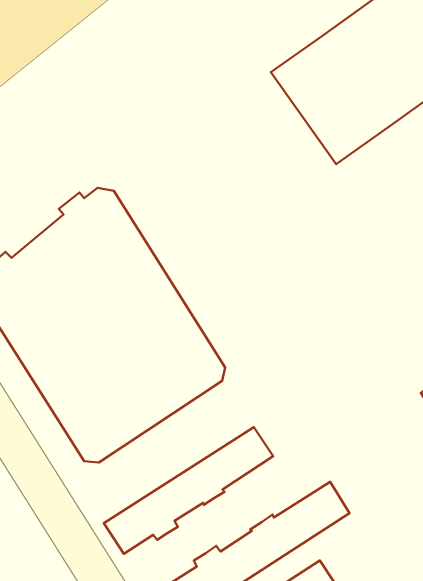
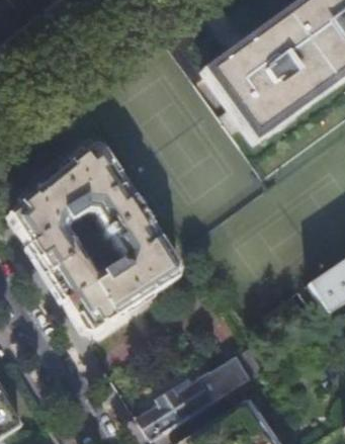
building: [104,427,273,554] -> none

